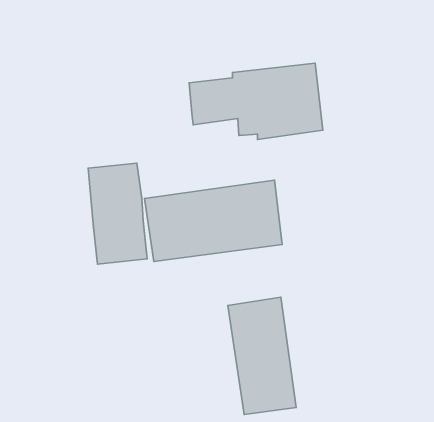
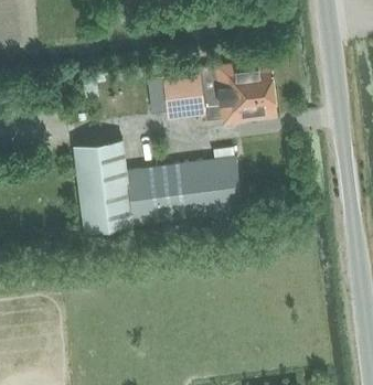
building: [228,297,296,415] -> none

